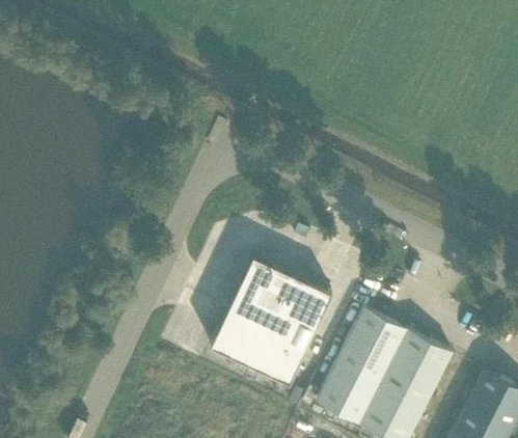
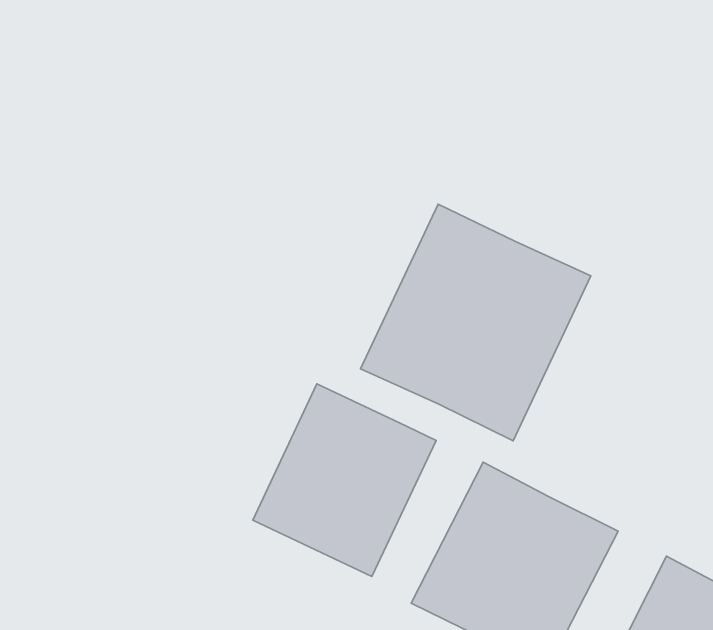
building: none -> [360,204,591,441]

